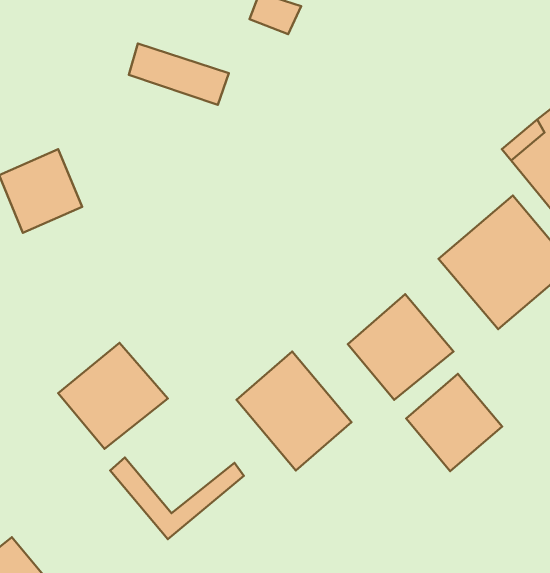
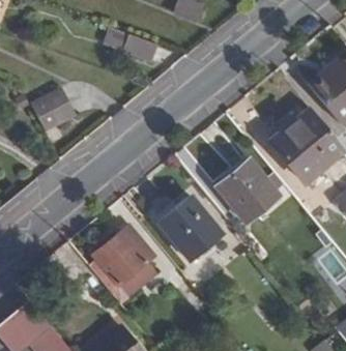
building: [58,343,168,449] -> [96,229,157,288]
building: [406,374,502,471] -> none

